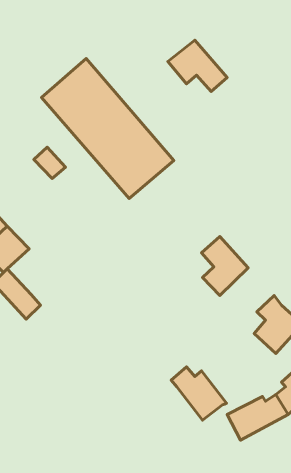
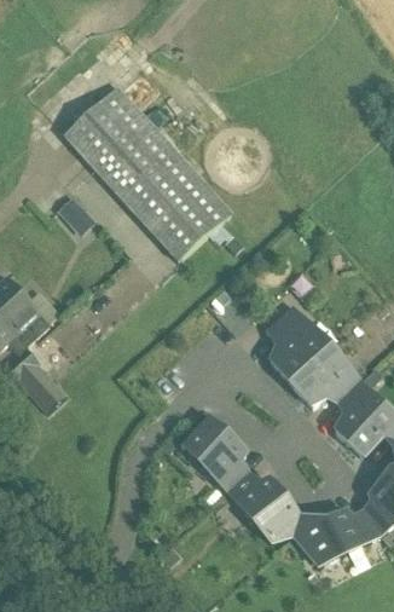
building: [168,40,227,91] -> none
building: none -> [291,348,360,406]
building: none -> [184,420,249,491]

